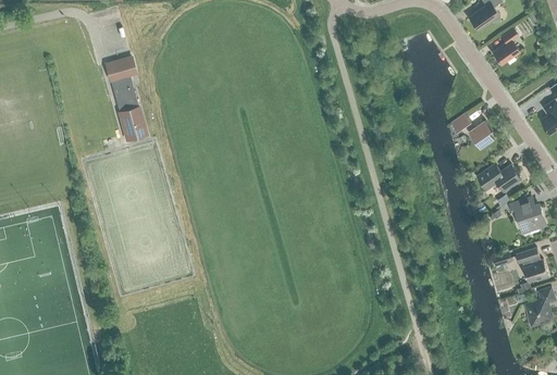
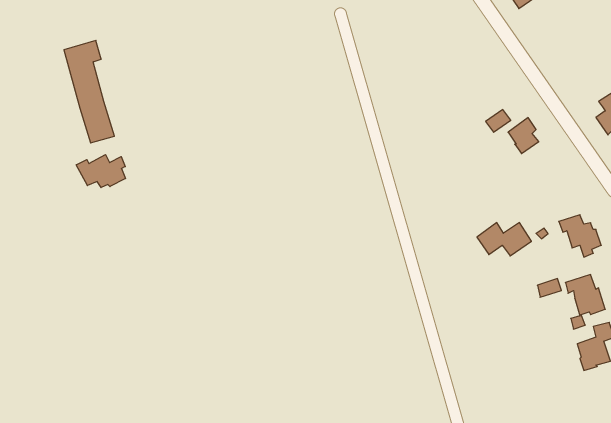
building: [492,28,519,64] -> none
building: none -> [76,155,125,188]
building: [476,164,521,191] -> [477,223,531,256]

